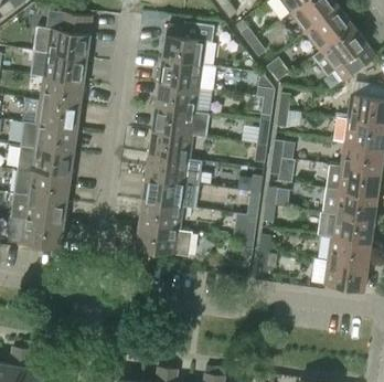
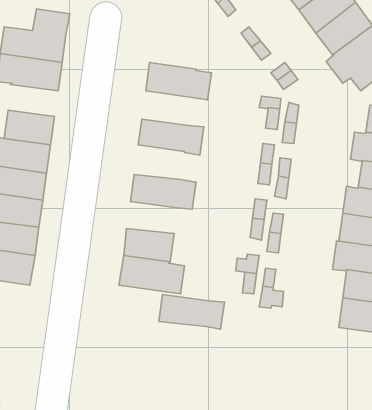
building: [162,25,205,64] -> none
building: [41,77,84,105] -> none
building: [156,83,199,113] -> none
building: [149,129,192,159] -> none
building: [142,178,199,208] -> [159,294,224,329]

